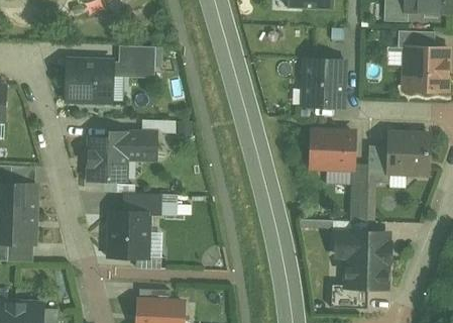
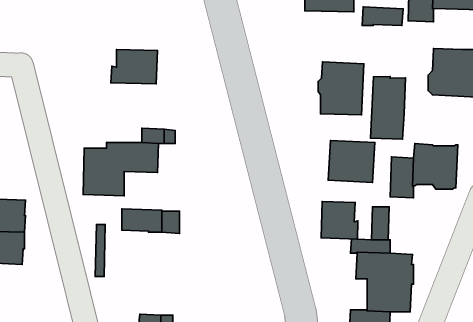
building: [398,30,435,47] -> [362,7,403,26]
building: [67,59,115,103] -> none
building: none -> [371,77,406,139]
building: none -> [321,201,358,239]
building: [110,211,148,257] -> none

